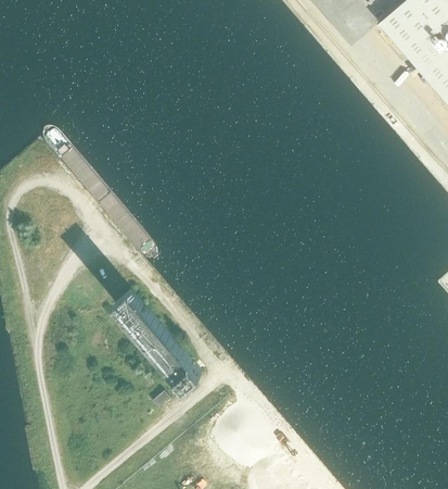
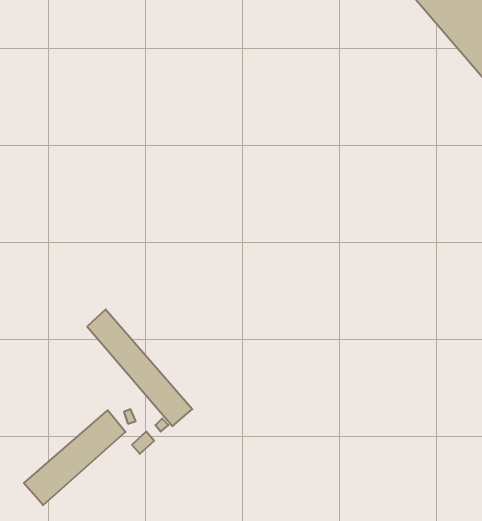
building: none -> [24,410,126,505]

